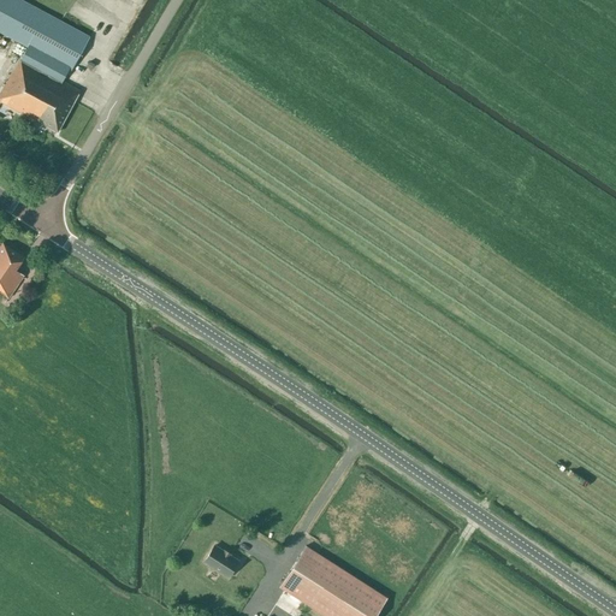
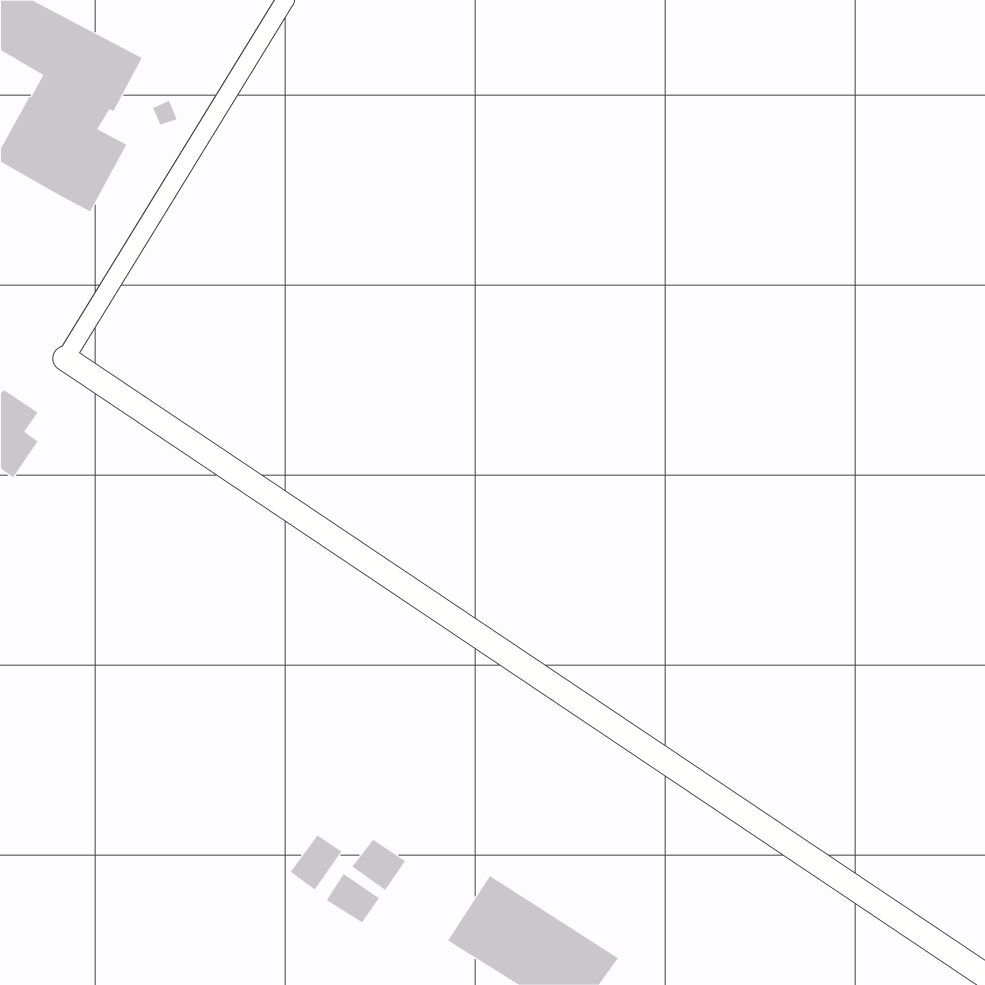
building: none -> [290,834,342,891]
building: none -> [351,839,406,891]

